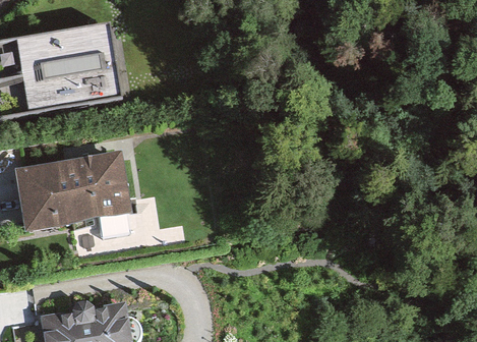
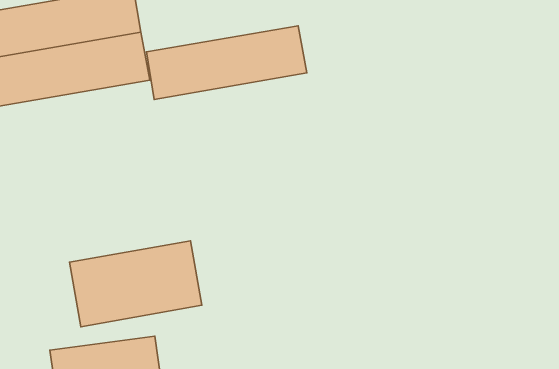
building: none -> [146,26,307,99]
building: [20,154,127,223] -> [69,241,202,327]

